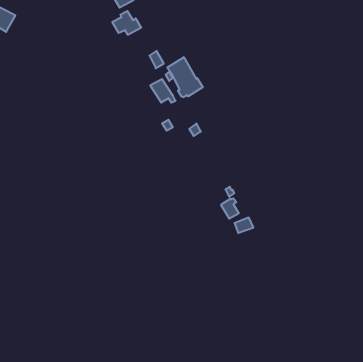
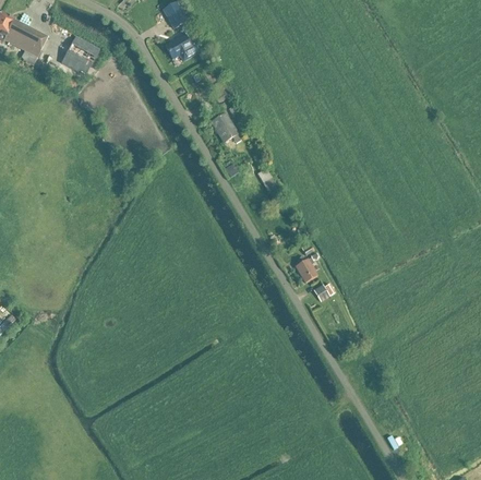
building: none -> [59,41,96,80]
building: [167,57,203,97] -> none

